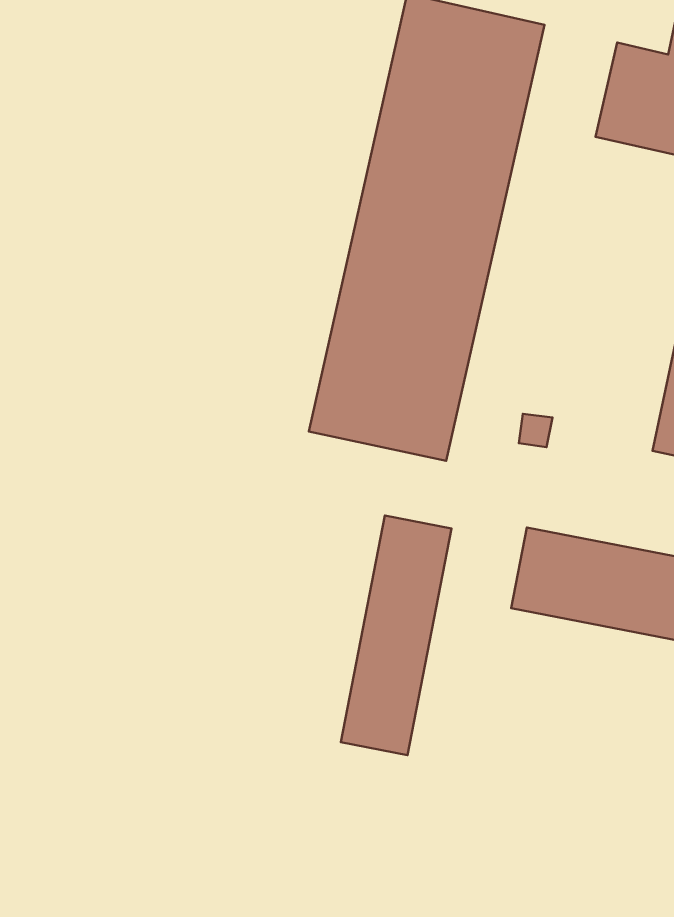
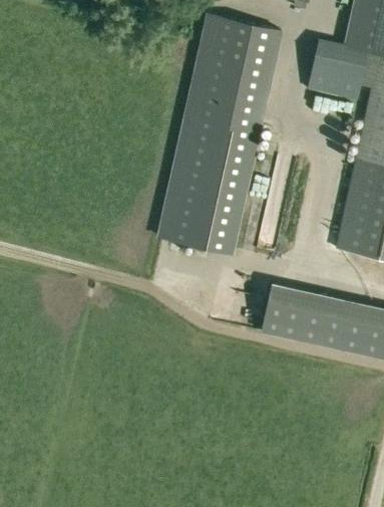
building: [341,516,452,755] -> none

